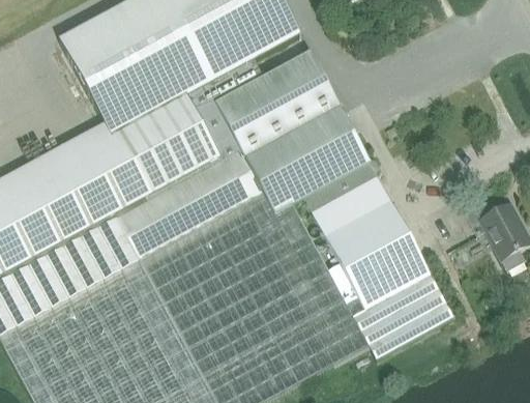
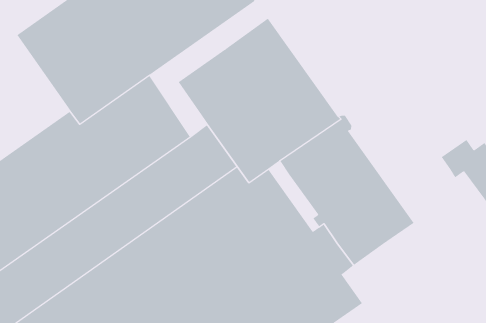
building: [186,60,264,163] -> none
building: [366,279,453,354] -> none

